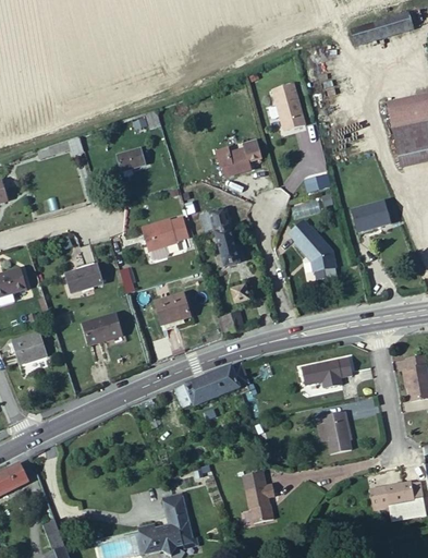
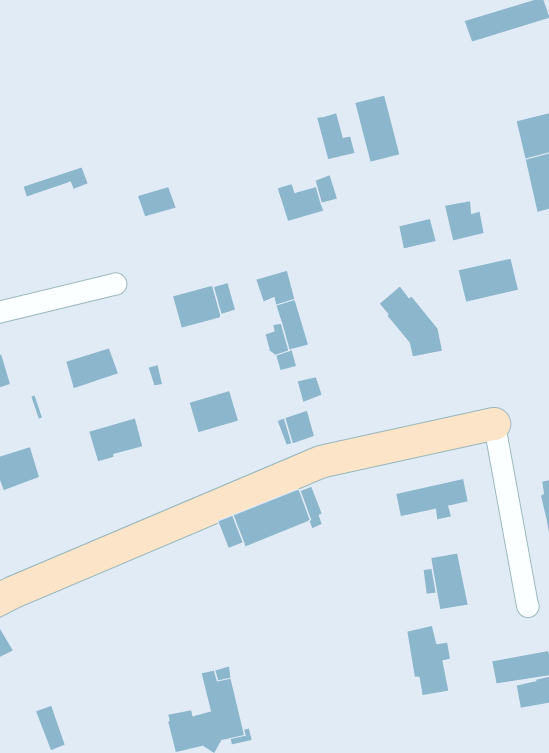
building: none -> [317,112,355,160]
building: none -> [445,201,484,241]
building: [244,471,276,521] -> [407,626,451,695]

